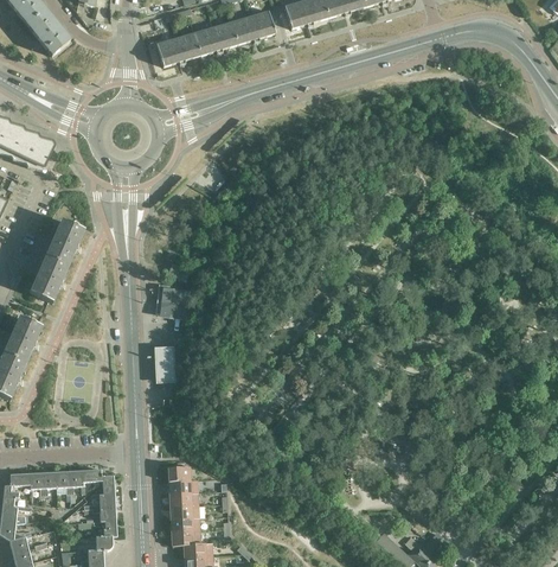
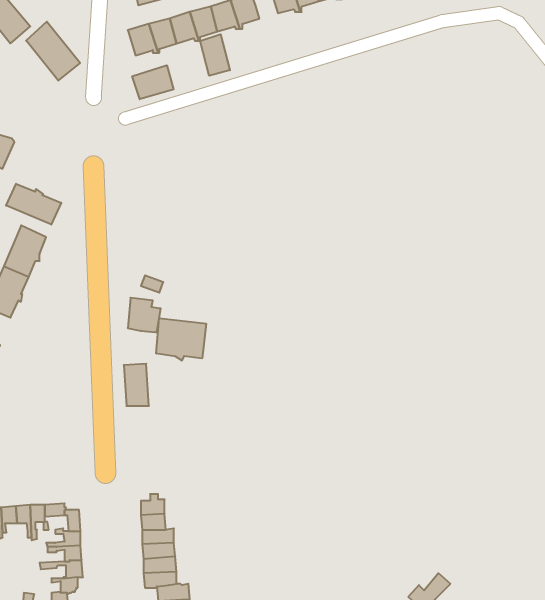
building: none -> [26,22,80,81]
building: none -> [200,34,230,76]
building: none -> [132,65,174,99]
building: none -> [6,184,61,225]
building: none -> [156,318,206,361]

